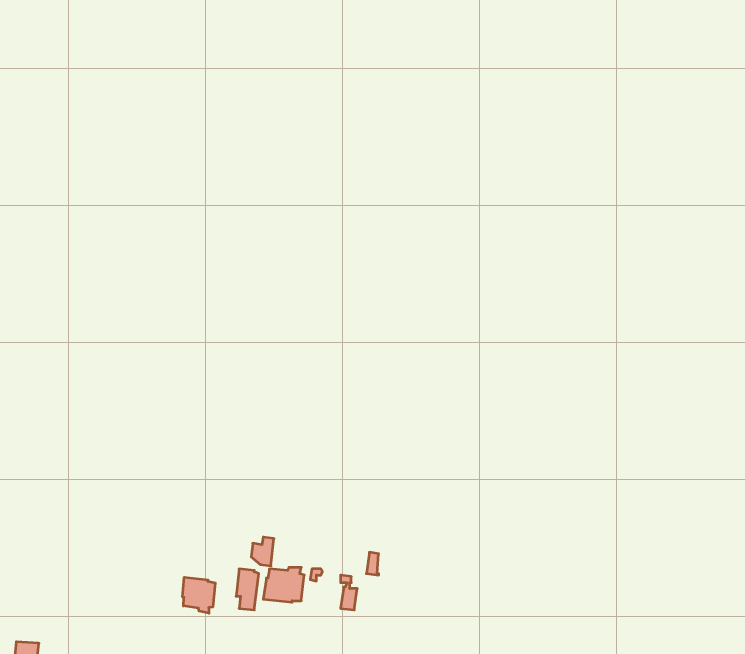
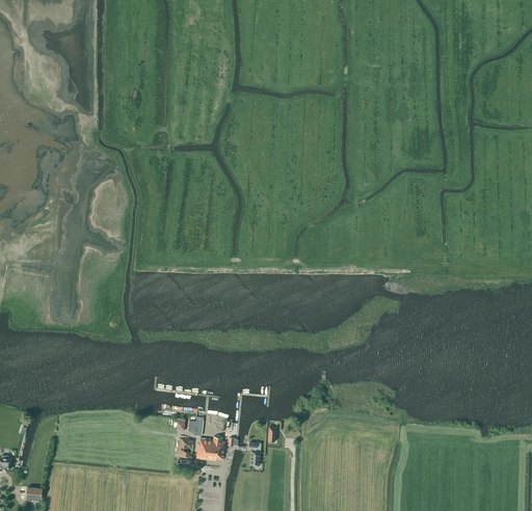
building: [183,577,215,613] -> none

